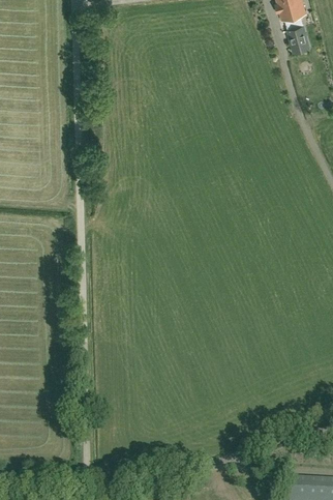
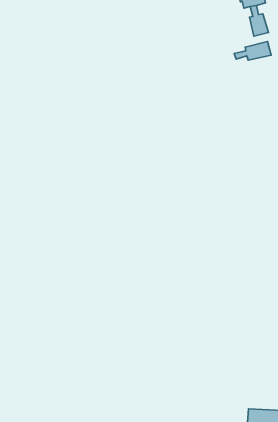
building: none -> [234,41,271,60]

